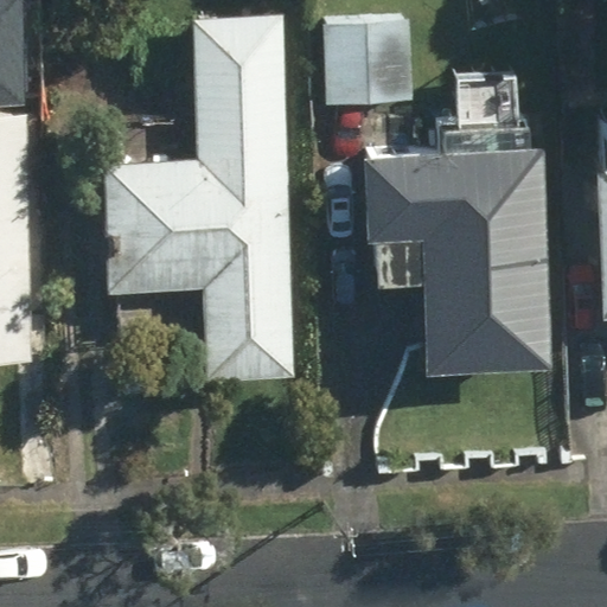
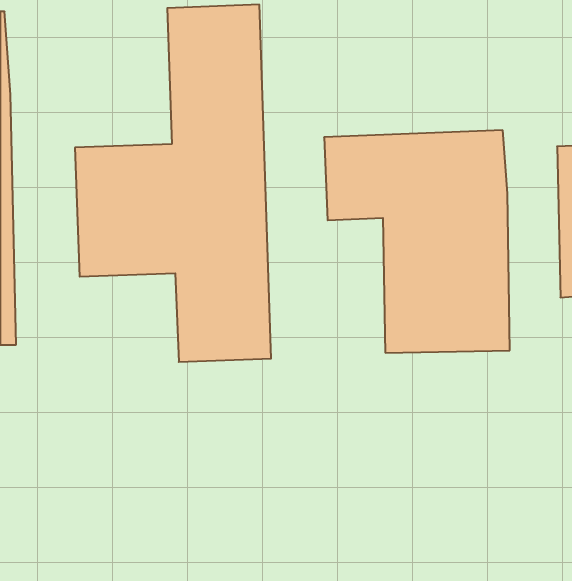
building: [326,20,423,109] -> none

